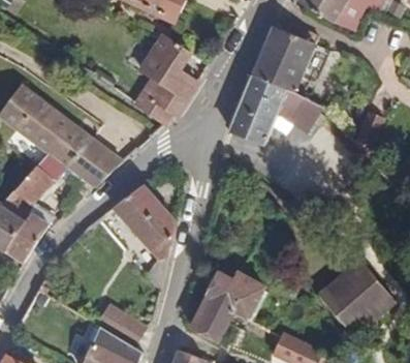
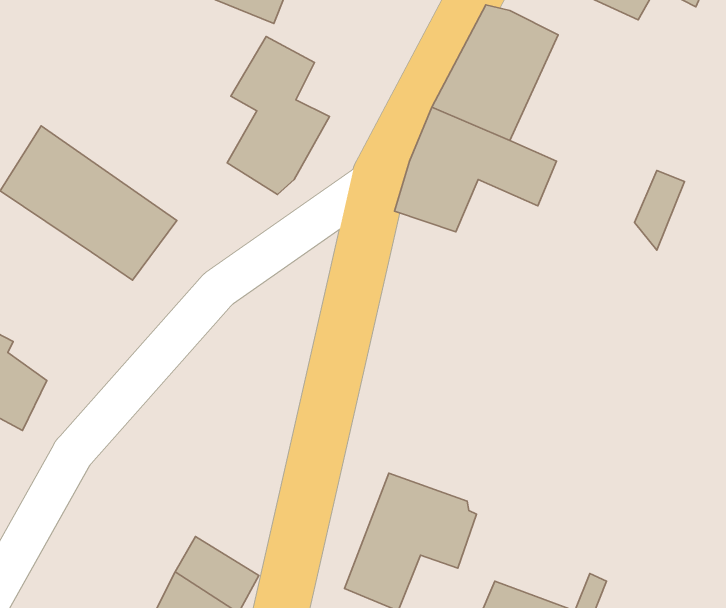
building: [76,134,132,186] -> none
building: [7,165,61,262] -> none
building: [111,186,172,298] -> none
building: [310,251,387,331] -> none

